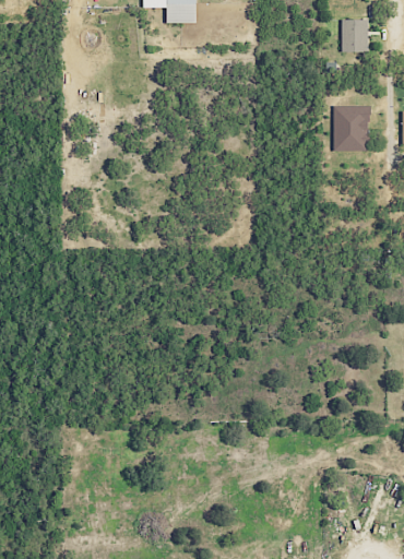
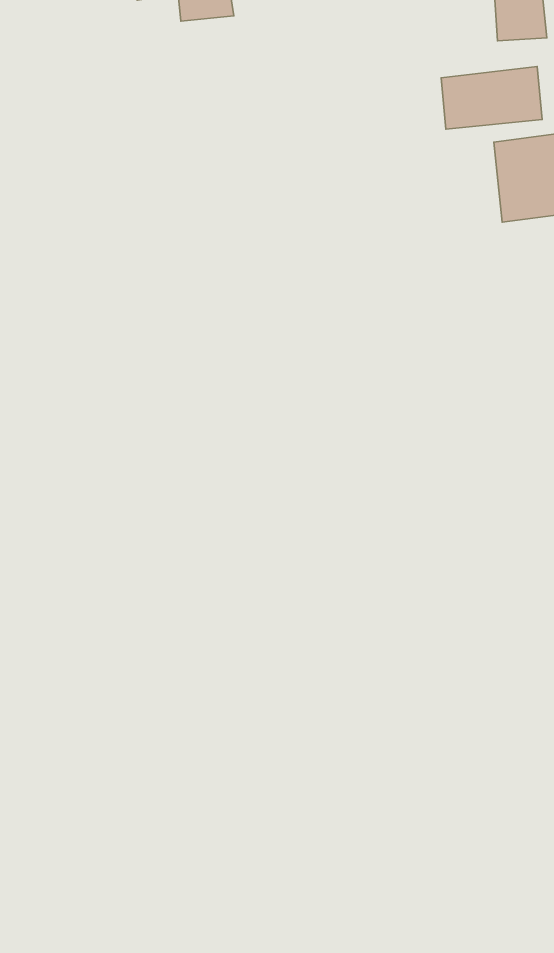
building: none -> [441,66,542,129]

